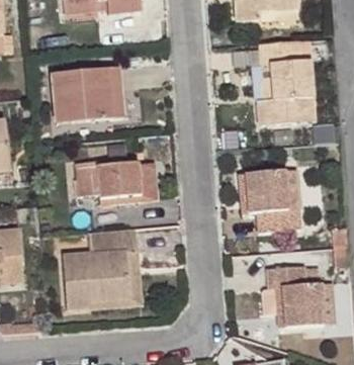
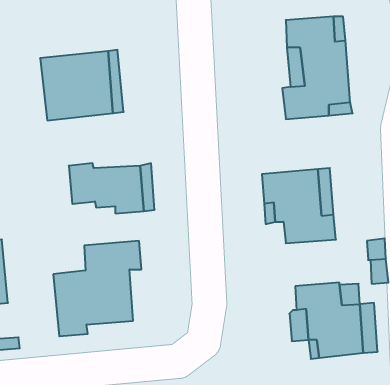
building: [91,253,142,307] -> none

